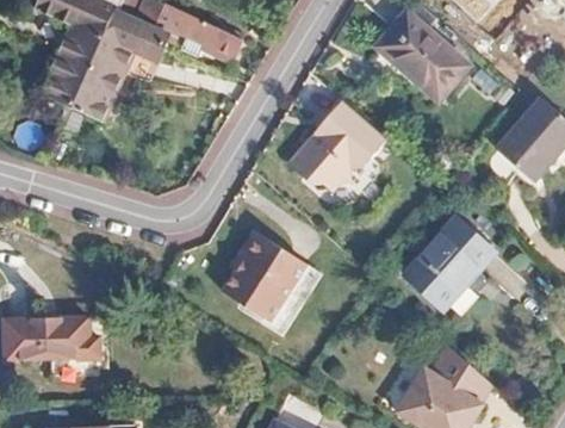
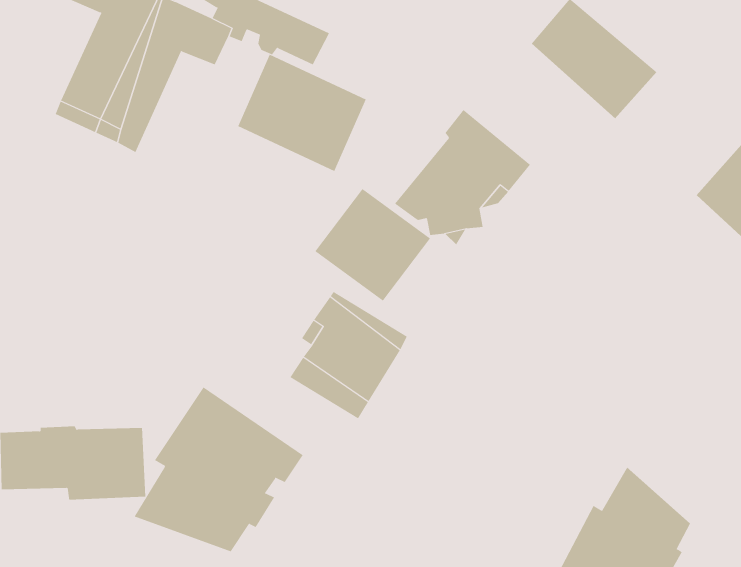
building: none -> [238,54,367,172]
building: none -> [314,188,431,302]
building: [404,216,495,310] -> none
building: none -> [134,387,303,552]

